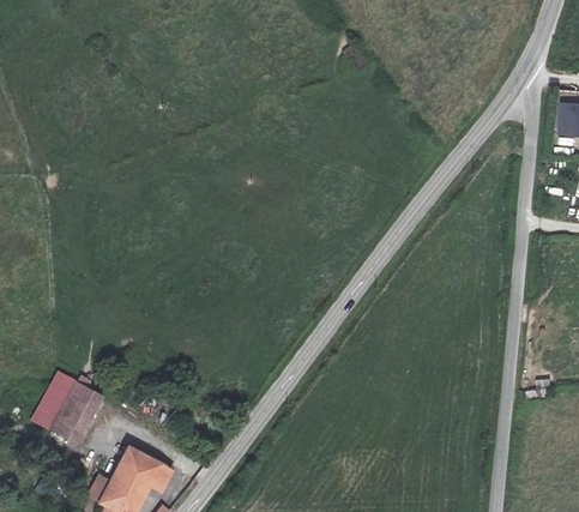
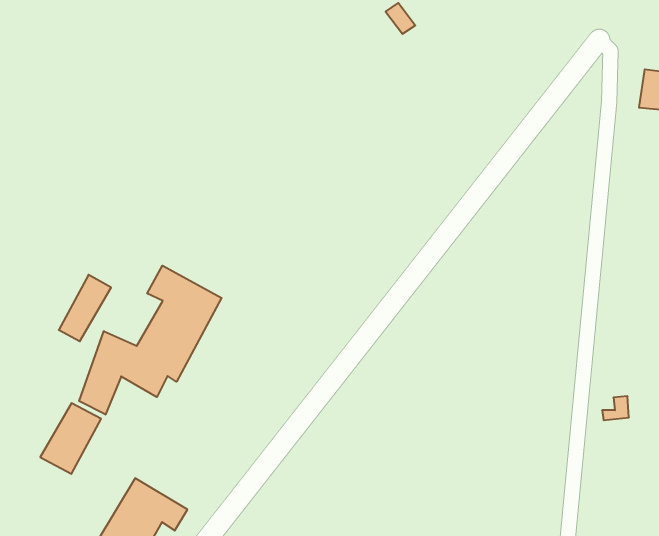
building: none -> [79,266,222,415]
building: [31,372,76,428] -> [59,275,111,341]

